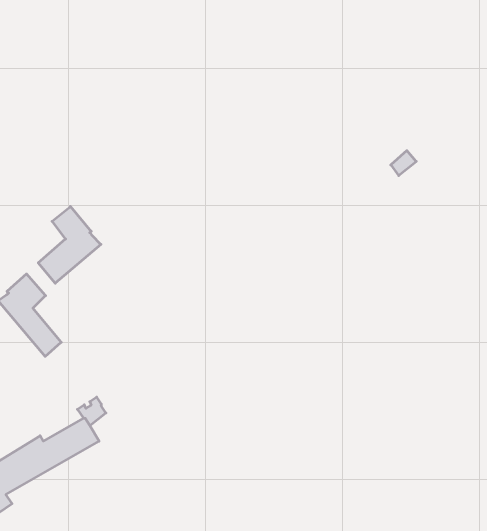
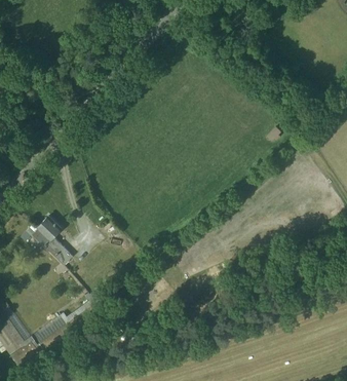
building: [38,206,101,283] -> none

